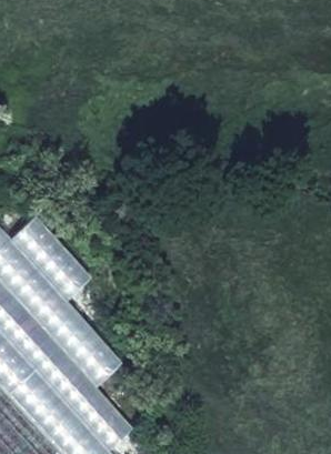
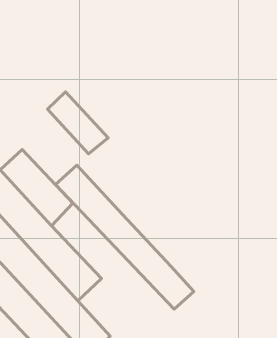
building: none -> [48,92,108,154]
building: none -> [55,165,194,309]

